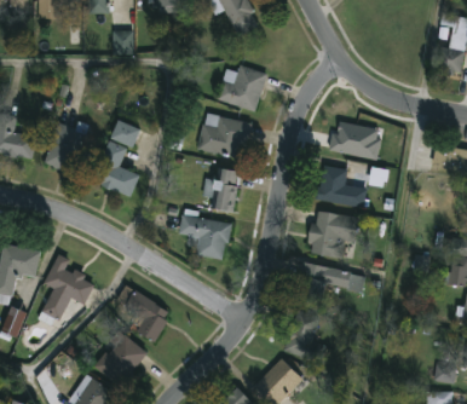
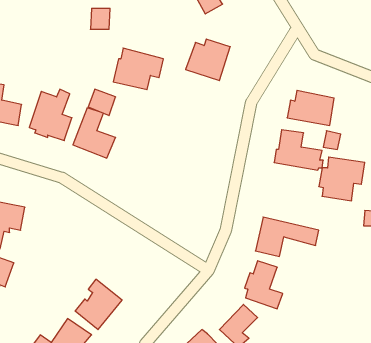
building: [196,111,252,157] -> [113,48,163,90]
building: [201,168,238,212] -> none
building: [178,208,229,260] -> none
building: [306,210,357,259] -> [319,157,365,201]
building: [38,254,93,324] -> none
building: [117,285,167,344] -> none

